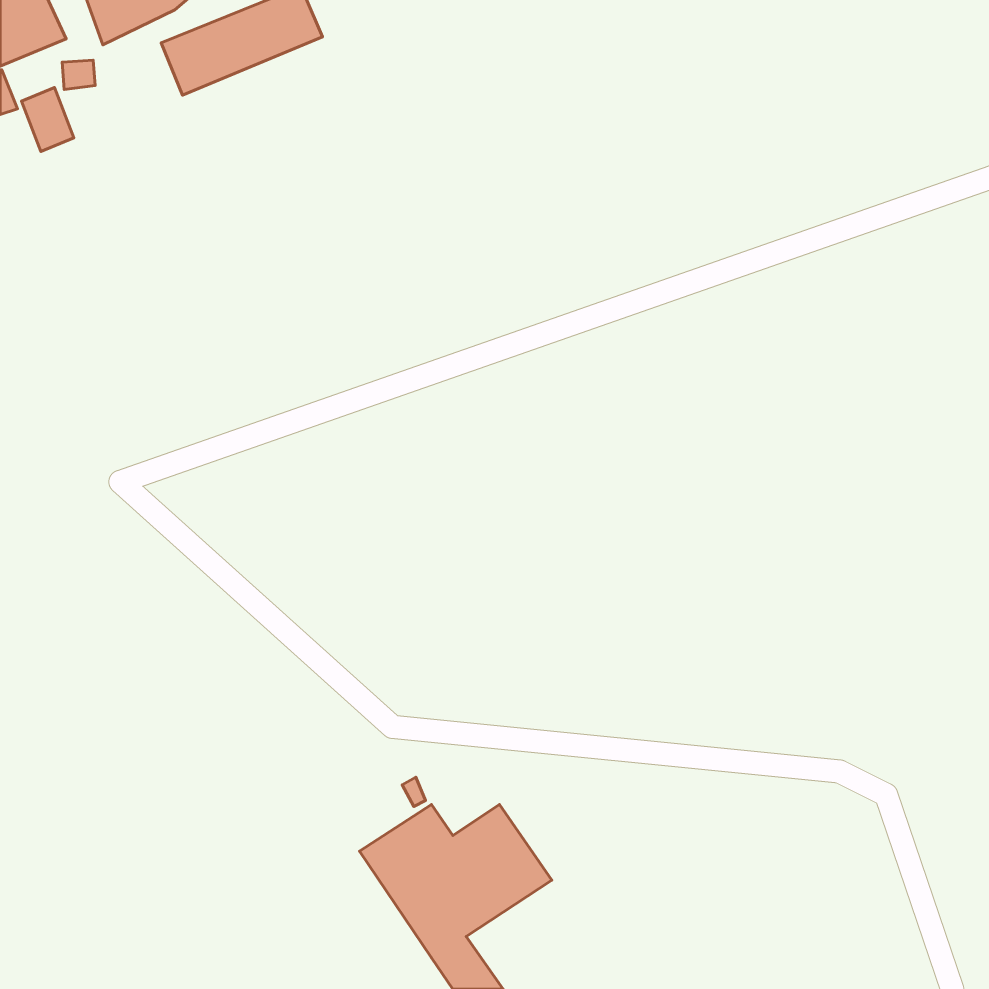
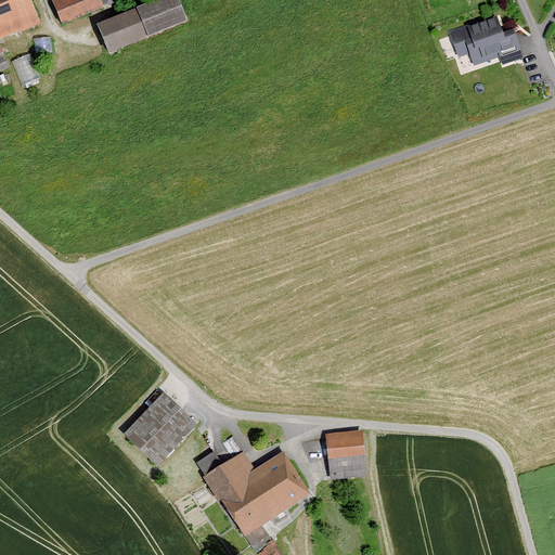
building: none -> [450,16,522,65]
building: none -> [121,391,195,465]
building: none -> [324,427,365,476]

